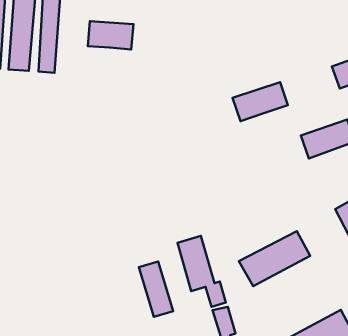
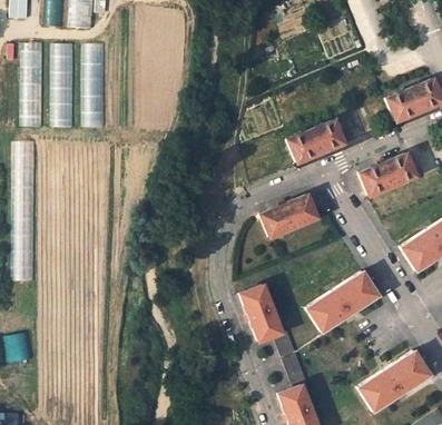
building: [88,21,133,49] -> none
building: none -> [261,195,318,238]
building: [139,262,173,317] -> none

